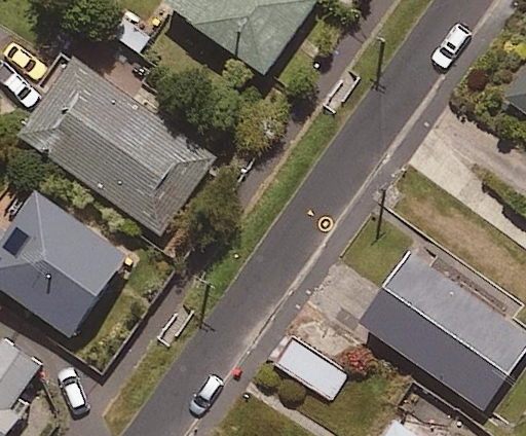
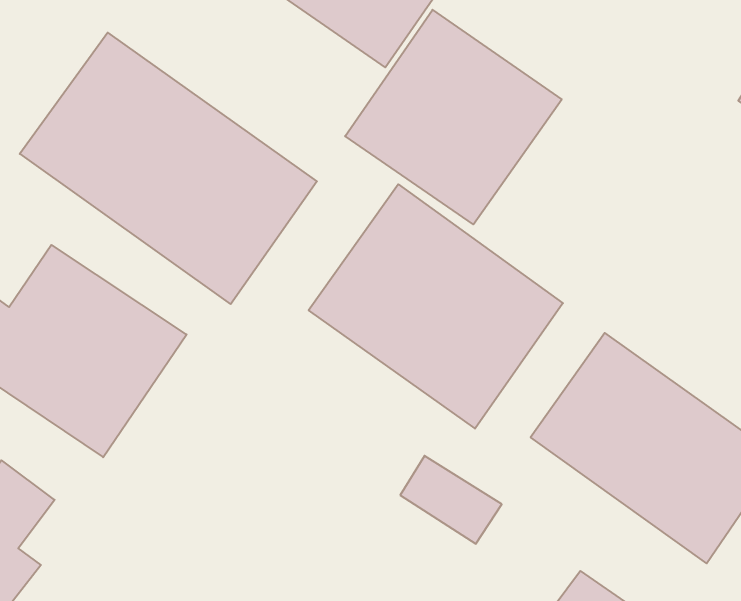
building: none -> [345,10,562,224]
building: none -> [309,184,563,429]

